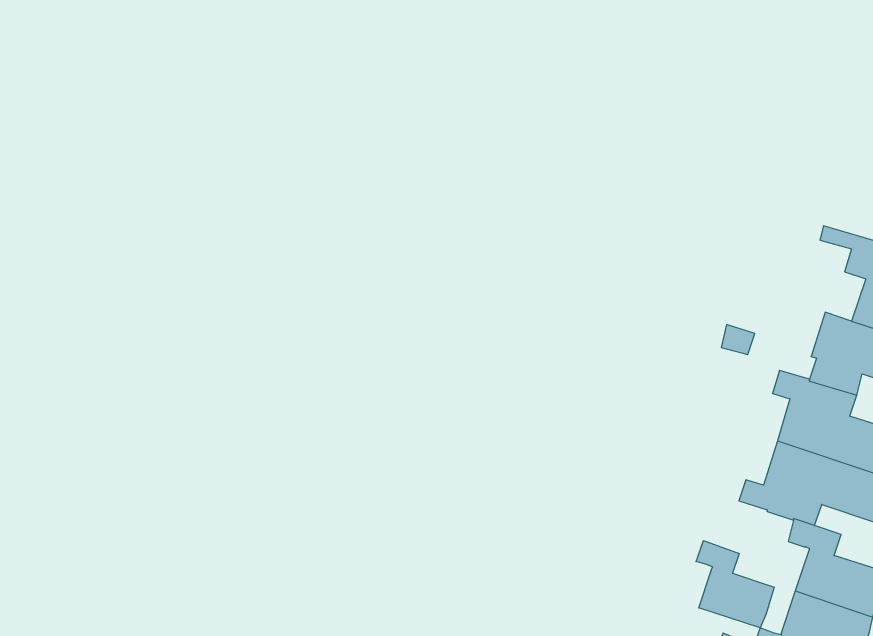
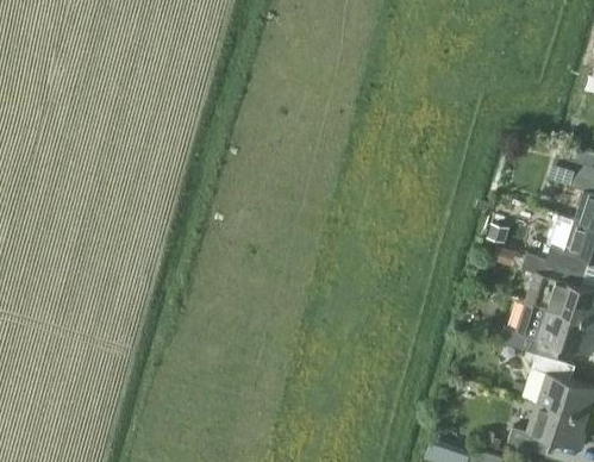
building: [696,541,774,628] -> none

